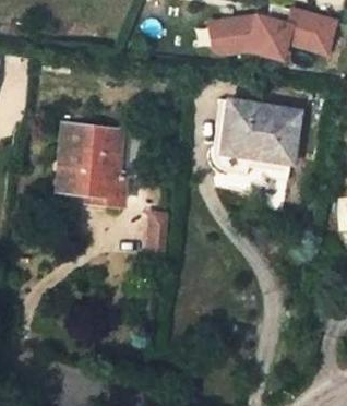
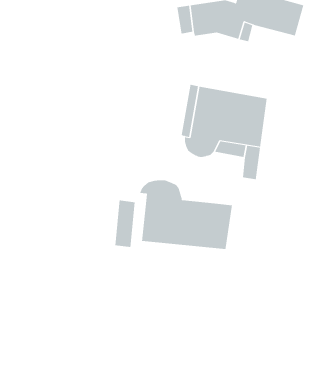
building: [56,126,123,204] -> none
building: none -> [140,179,233,250]

